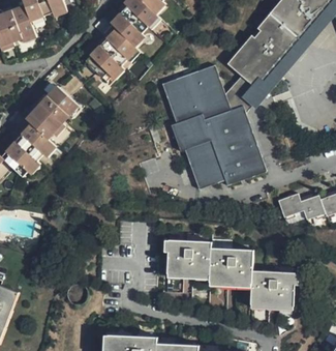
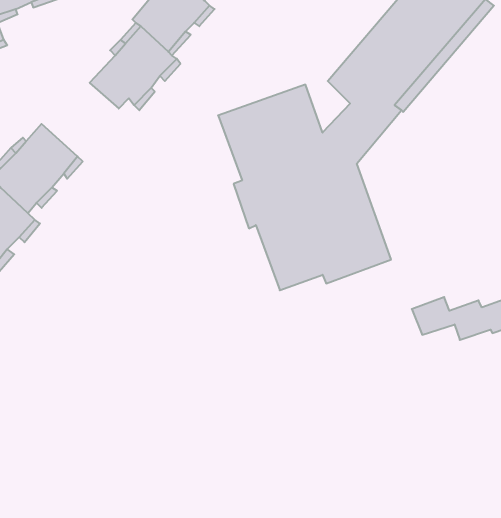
building: [165,240,293,305] -> none

